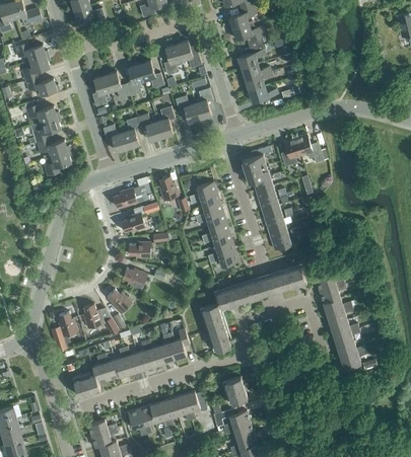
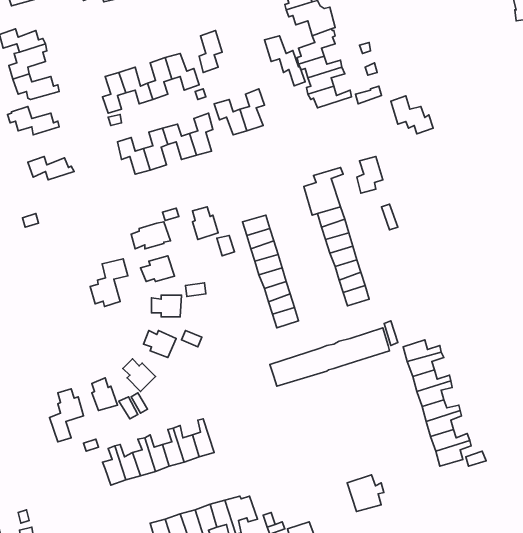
building: [177,42,207,79] -> [264,36,305,86]
building: [33,117,62,143] -> none
building: [296,135,328,163] -> [391,96,433,134]
building: [45,150,72,176] -> none
building: none -> [90,259,128,306]
building: [200,304,236,352] -> none
building: [167,329,190,360] -> none
building: [73,372,100,398] -> none
building: [222,377,250,404] -> [347,475,384,511]

